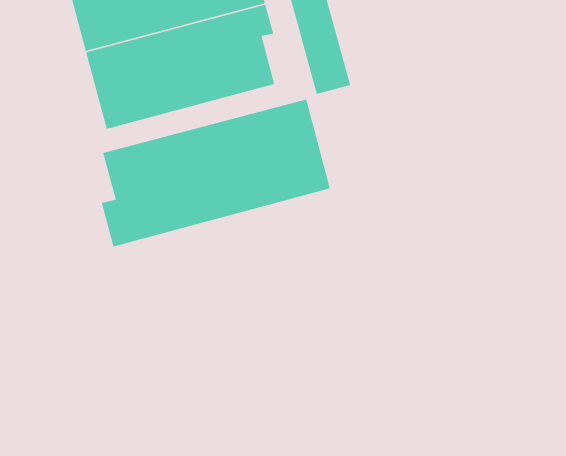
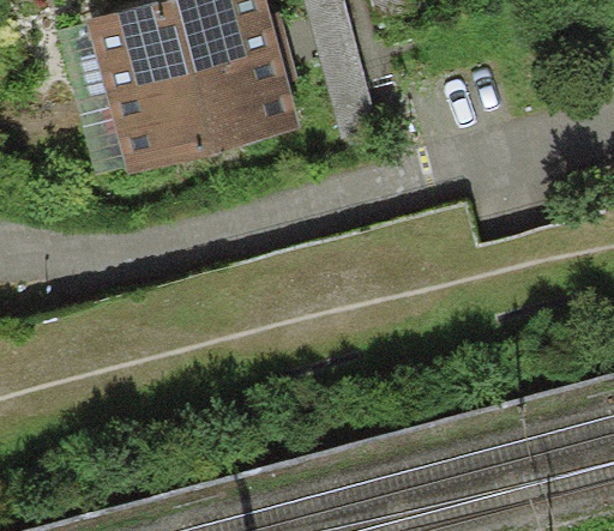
building: [101,98,331,248] -> none

